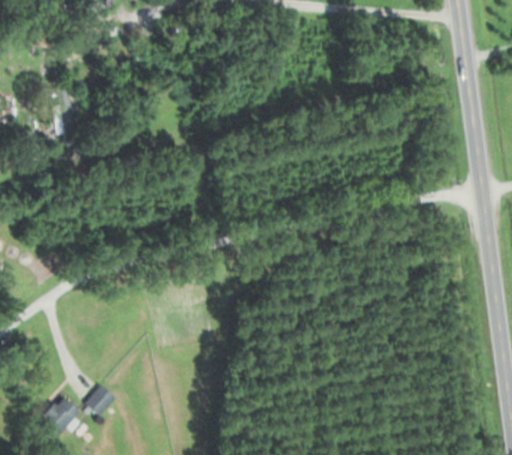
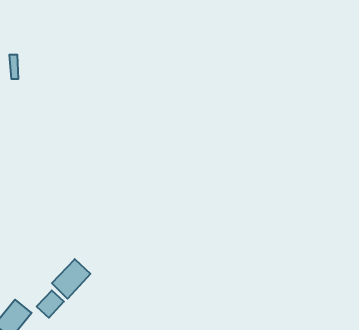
building: none -> [52,259,90,299]

